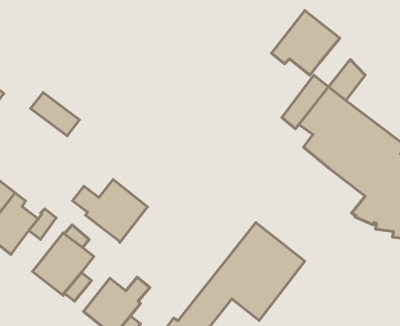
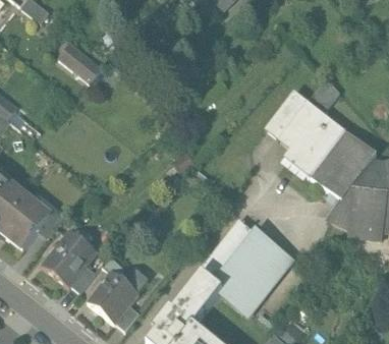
building: [271,10,340,75] -> none
building: [31,92,80,136] -> [57,43,101,81]
building: [73,179,148,243] -> none

